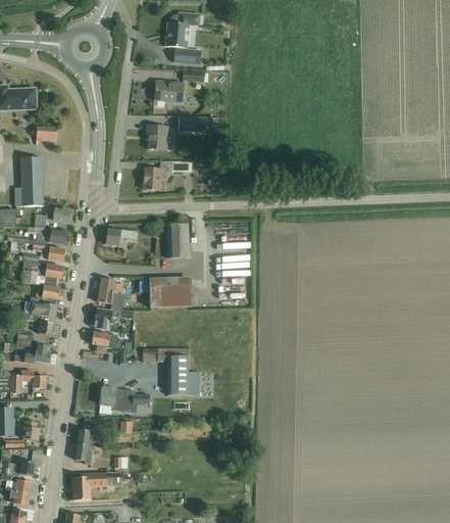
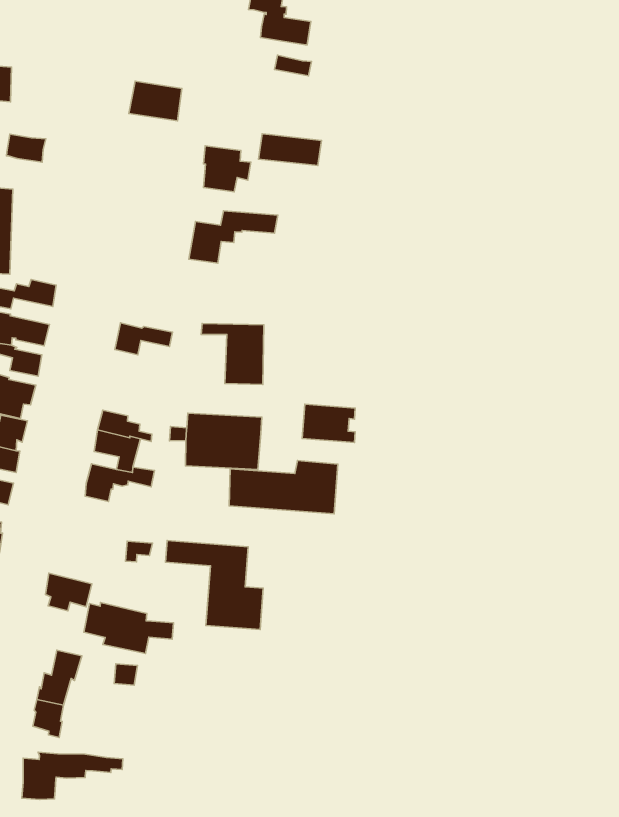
building: [154,81,183,101] -> [129,81,182,121]
building: none -> [229,461,338,514]
building: [92,331,117,351] -> [45,573,92,611]

